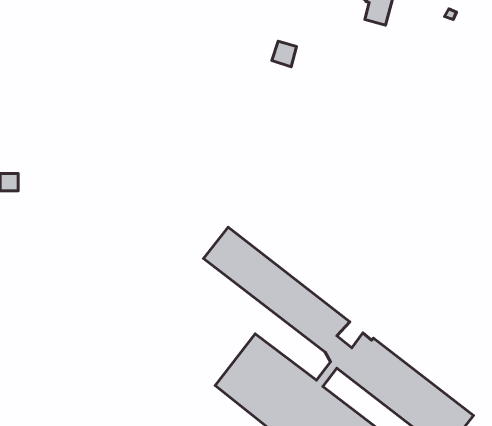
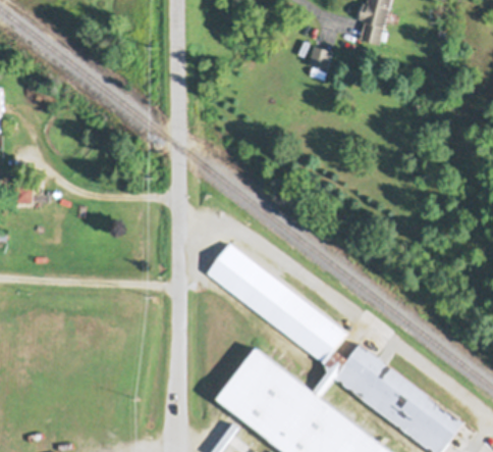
building: [272,41,297,67] -> [306,54,329,79]

